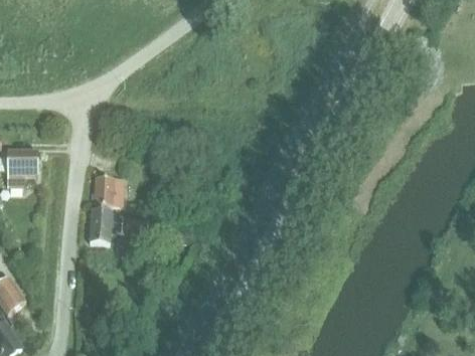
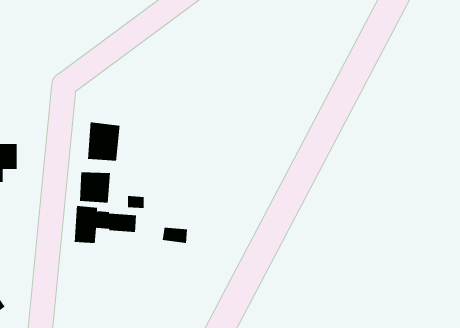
building: none -> [87,122,120,161]

